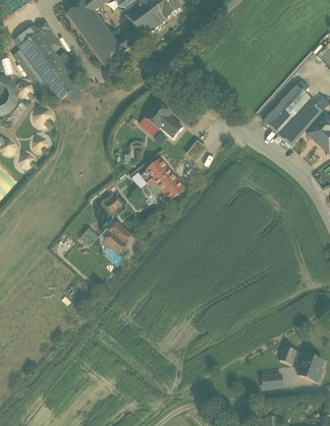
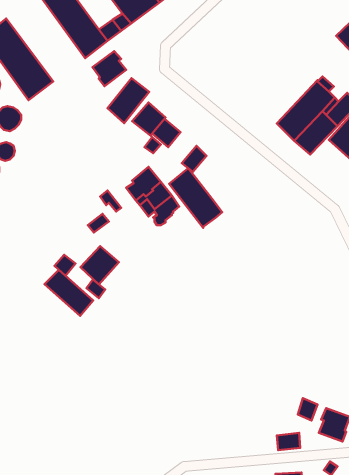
building: none -> [93,51,126,86]
building: none -> [107,78,149,123]
building: none -> [169,168,222,228]
building: none -> [44,270,93,316]

